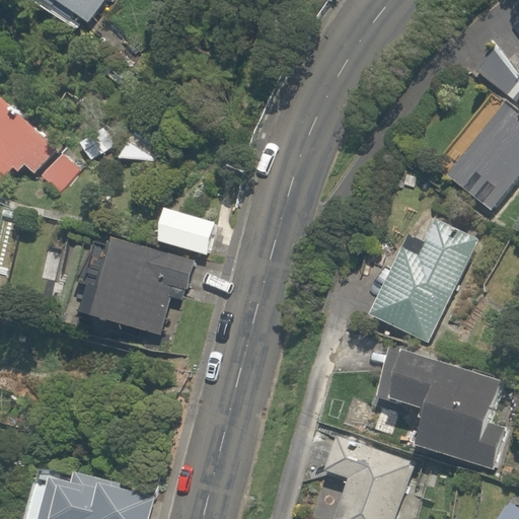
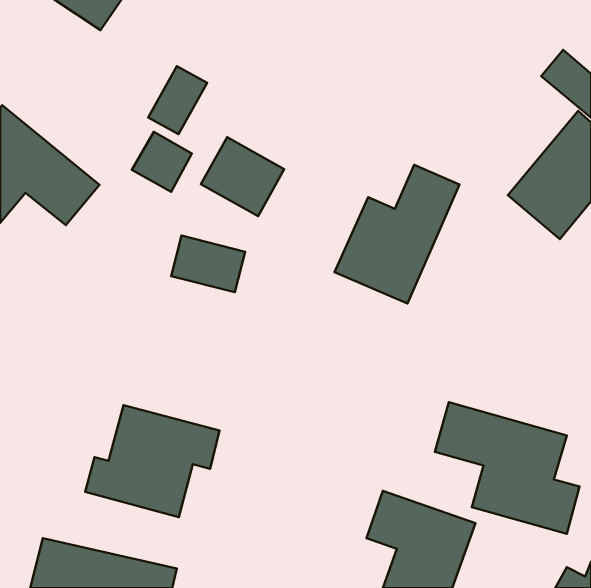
building: none -> [148,66,207,134]
building: none -> [201,137,284,216]
building: [366,219,475,341] -> [335,165,459,303]
building: [77,238,195,337] -> [85,405,219,517]

